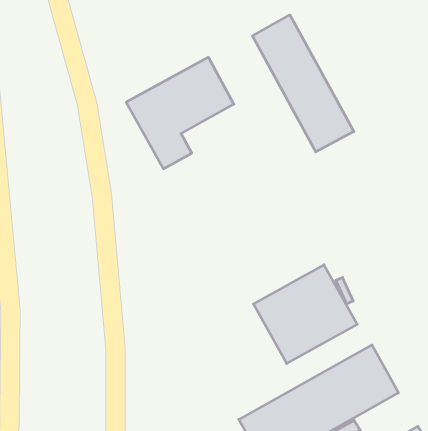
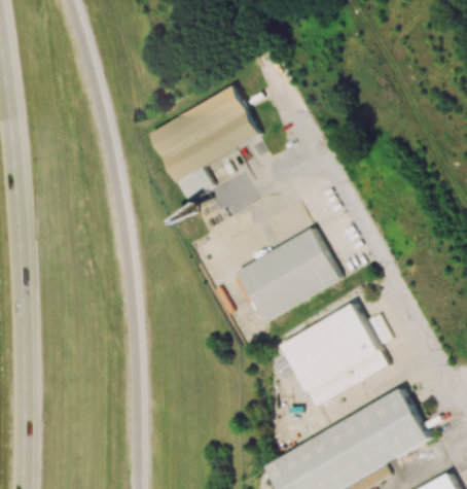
building: [253,15,354,152] -> none
building: none -> [235,228,339,321]

